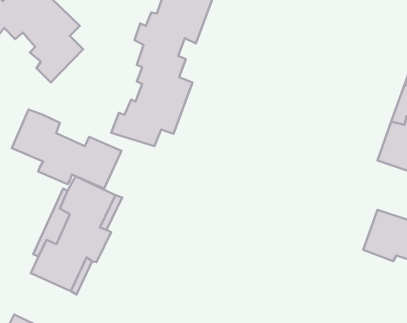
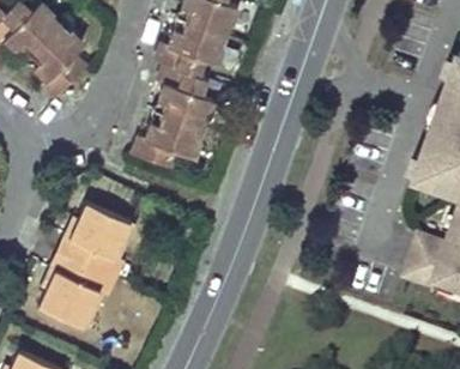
building: [12,110,121,189] -> none

